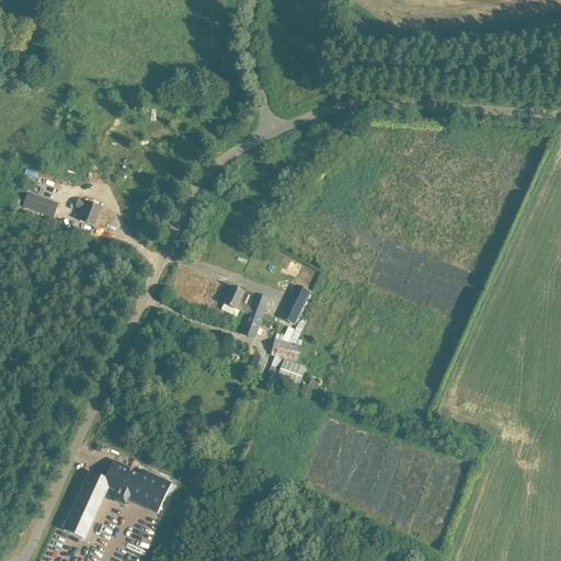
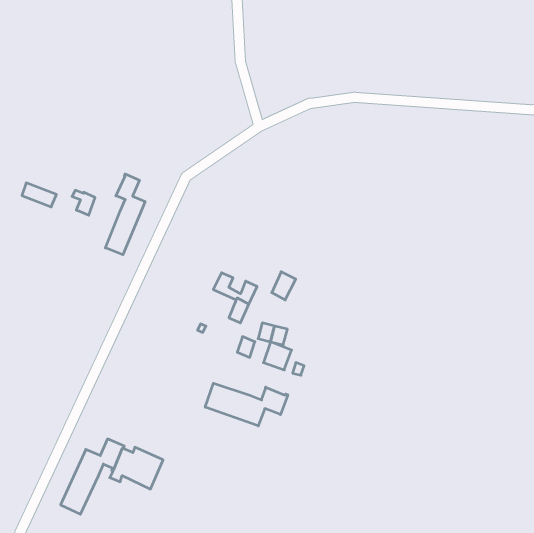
building: none -> [105,174,145,255]
building: none -> [205,383,288,426]

